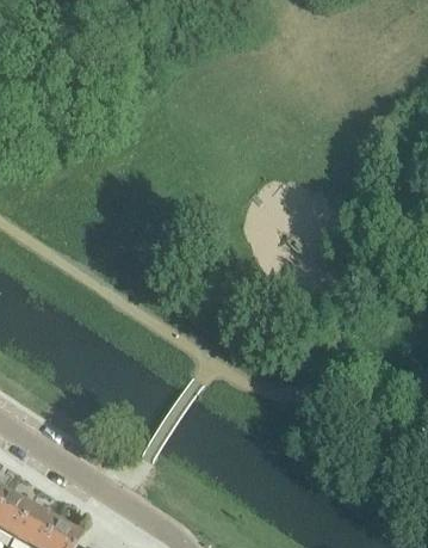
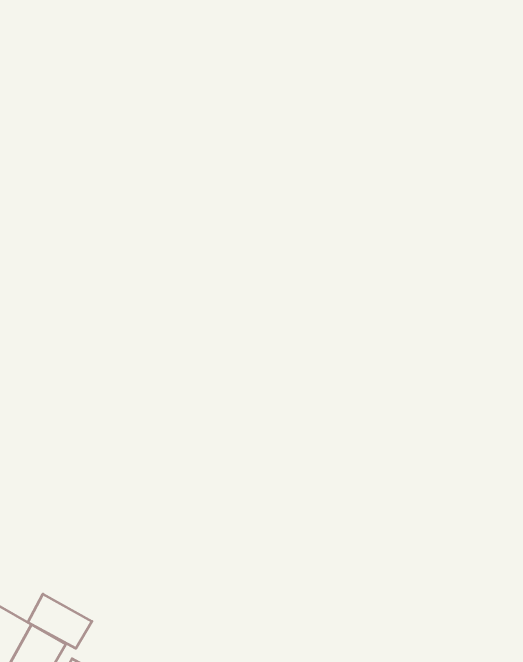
building: none -> [28,594,92,648]

